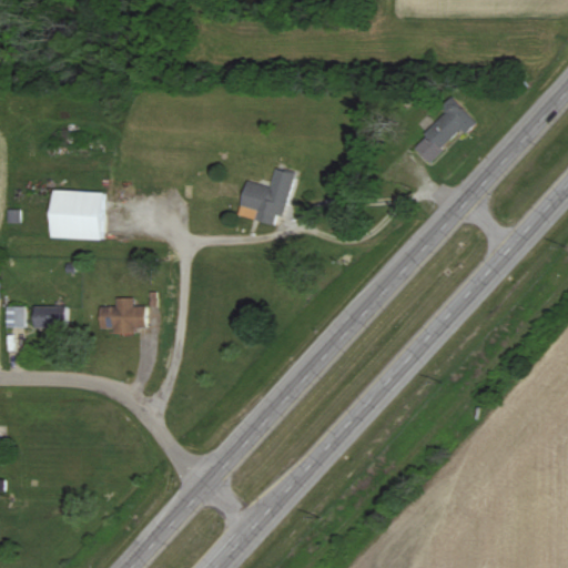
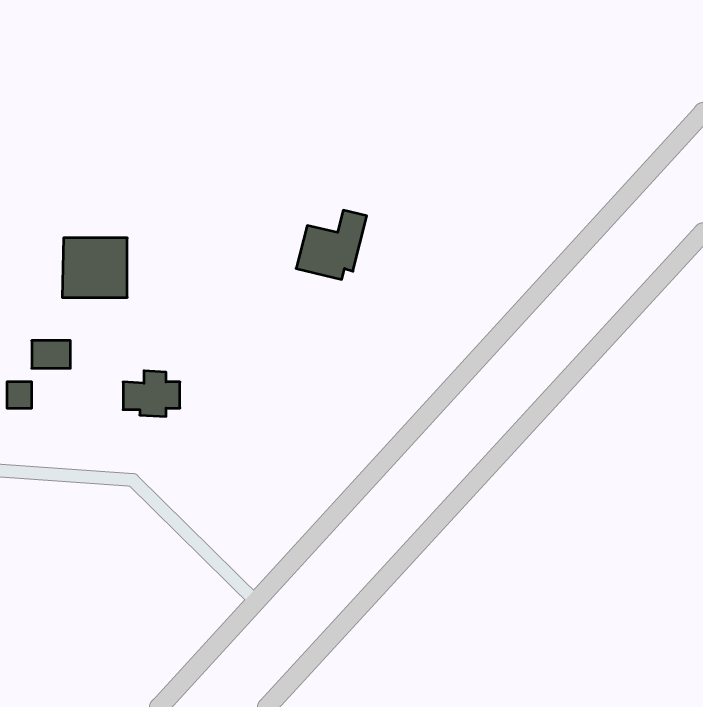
building: [413,97,476,162] -> none
building: [33,306,64,328] -> [32,341,70,368]

